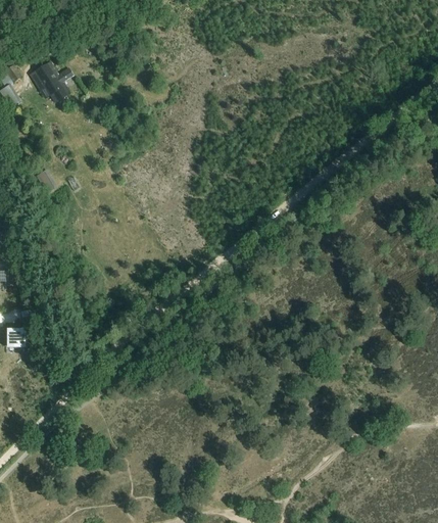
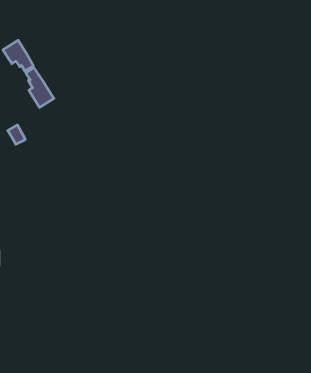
building: none -> [26,67,54,107]

